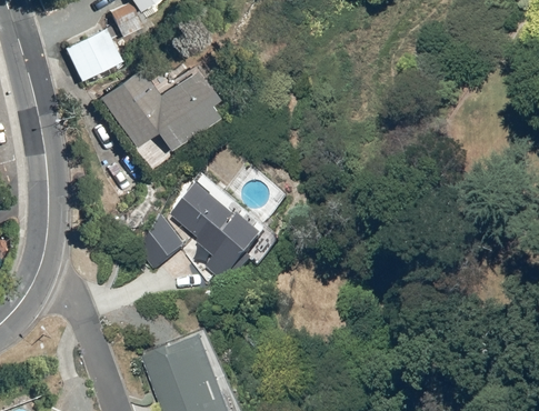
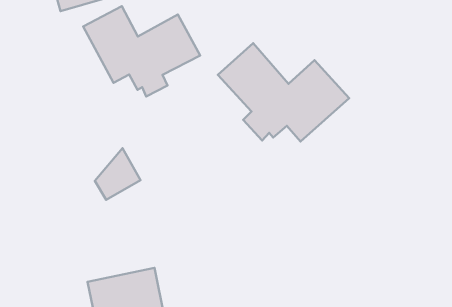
building: none -> [218,43,349,142]
building: [170,178,271,287] -> none

